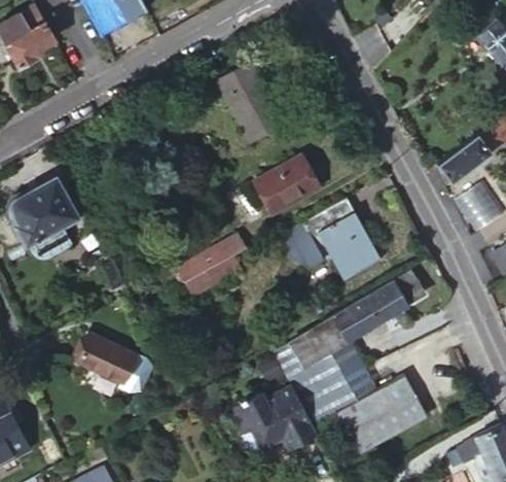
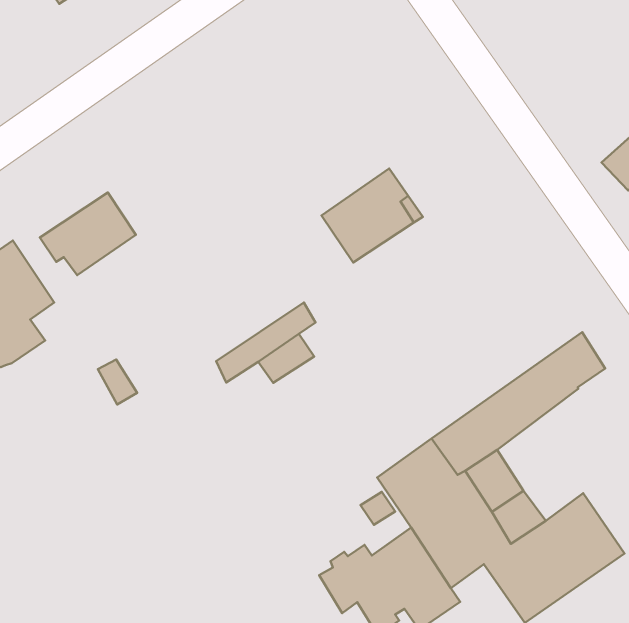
building: [218,65,284,143] -> none
building: none -> [40,193,136,275]
building: [284,200,380,279] -> none
building: [76,332,149,388] -> none

